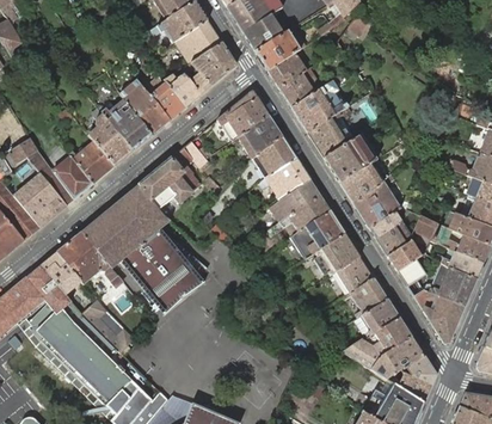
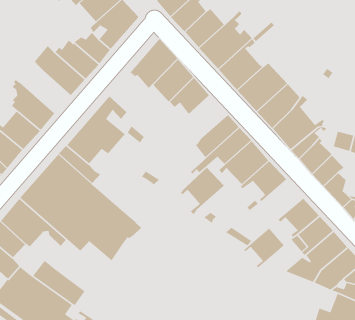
building: [98,99,152,149] -> none
building: [263,156,310,204] -> [180,167,225,215]
building: [330,257,374,297] -> [243,227,285,269]

